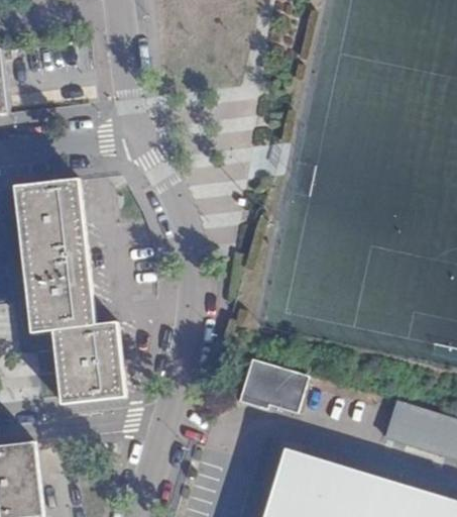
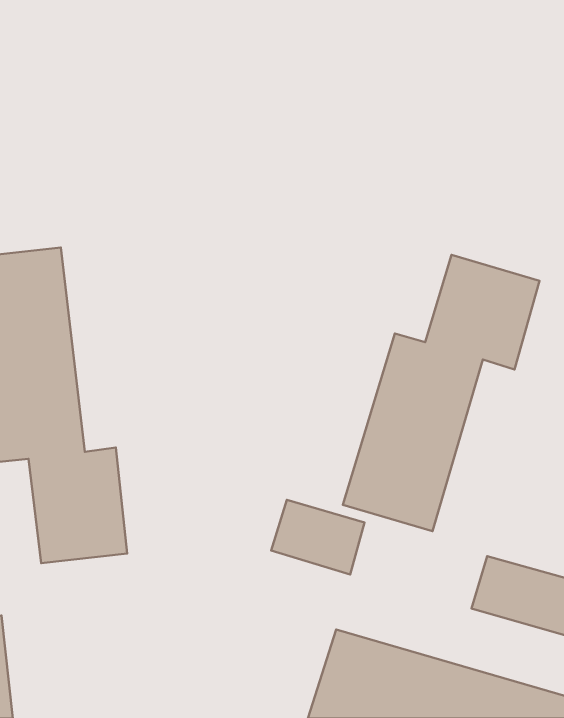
building: none -> [343,255,540,531]

